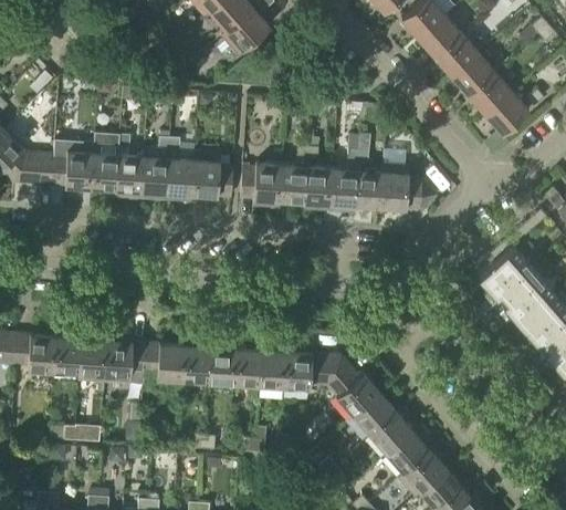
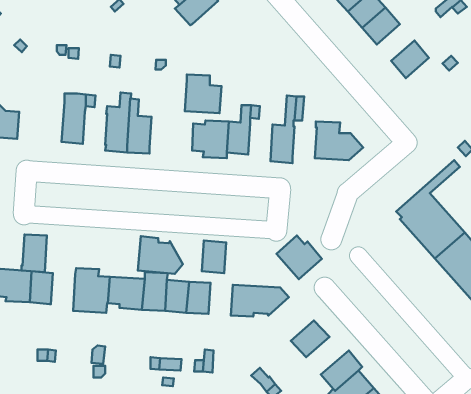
building: [452,53,495,95] -> none
building: [485,92,530,134] -> none
building: [41,139,95,188] -> none
building: [192,153,234,197] -> [185,74,222,113]
building: [116,154,144,198] -> none
building: [304,167,333,210] -> none
building: [356,170,384,207] -> none
building: none -> [138,236,183,274]
building: [78,339,107,382] -> [22,235,47,272]
building: [260,350,287,387] -> [202,240,226,273]
building: [328,366,380,416] -> [276,236,322,279]
building: [371,408,420,455] -> none

